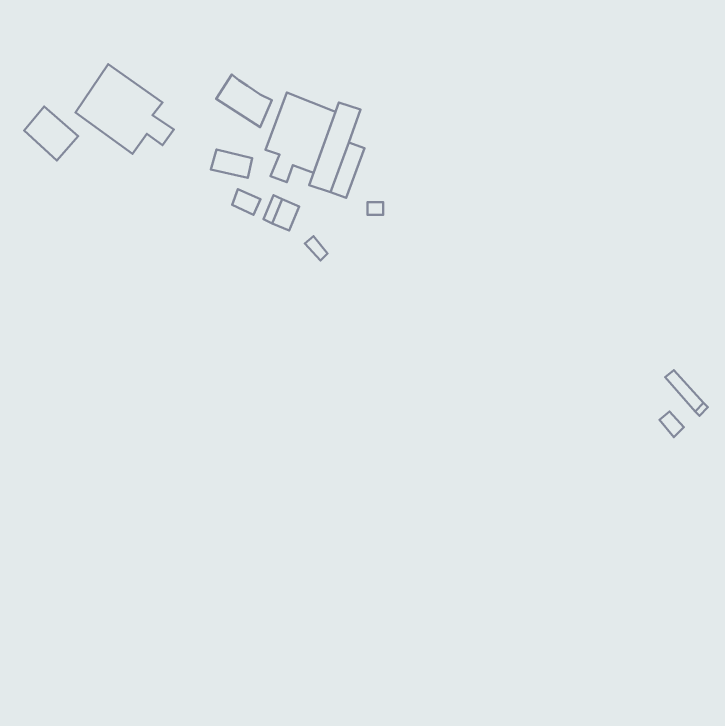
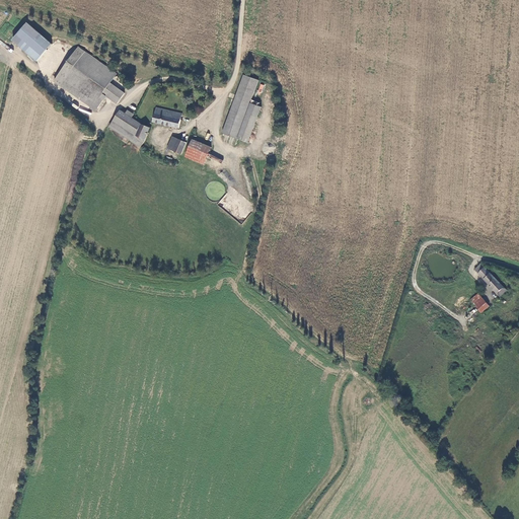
building: [216,75,272,127] -> [108,109,148,147]
building: [265,93,335,182] -> none
building: [24,106,78,161] -> [12,23,51,62]

